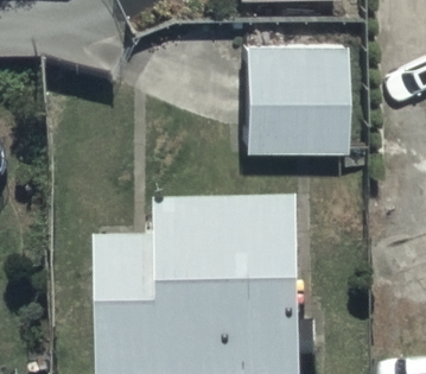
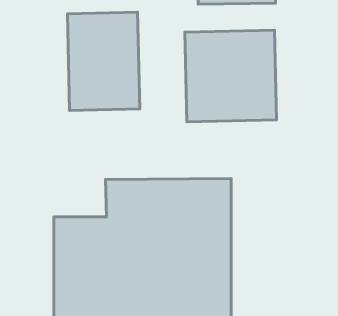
building: none -> [67,12,140,111]

